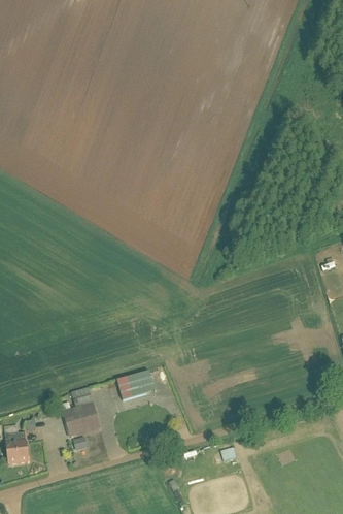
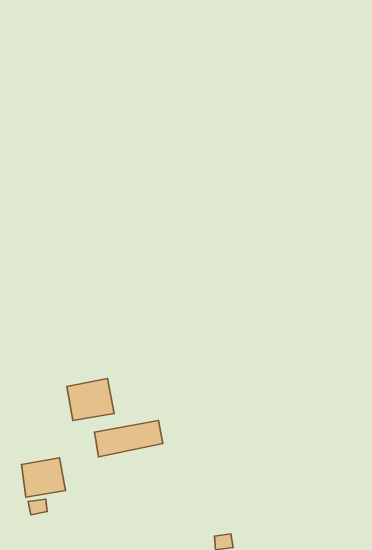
building: none -> [67,378,114,421]

